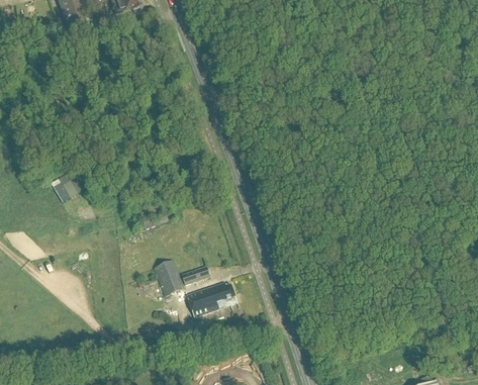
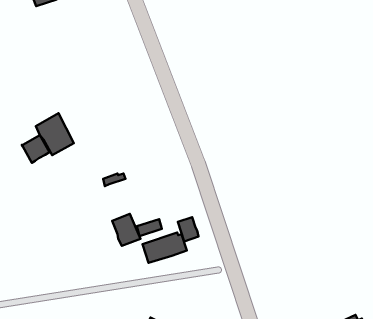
building: none -> [36,113,74,155]
building: none -> [178,217,199,242]

